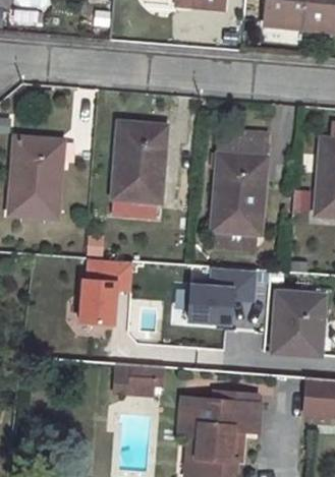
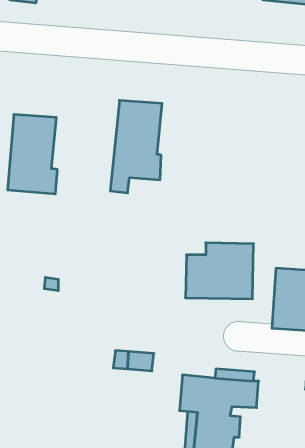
building: [213,132,265,235] -> none
building: [79,257,132,321] -> none

